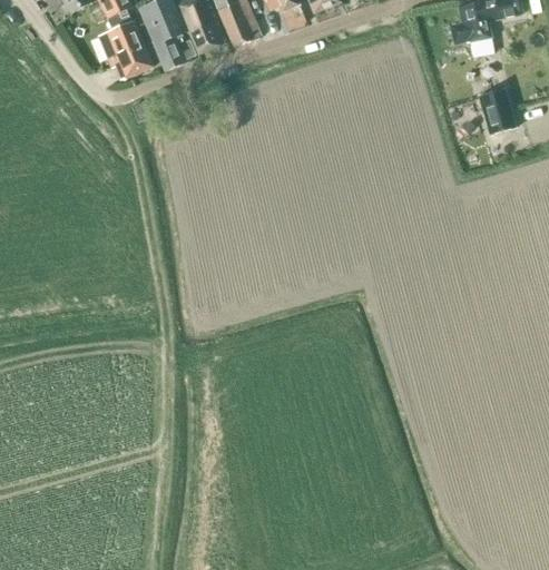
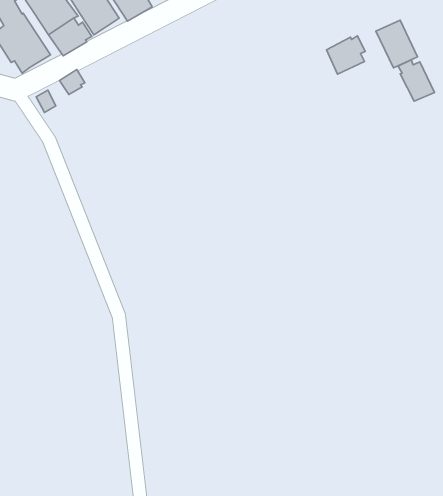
building: none -> [327,36,365,74]
building: none -> [398,60,435,101]

